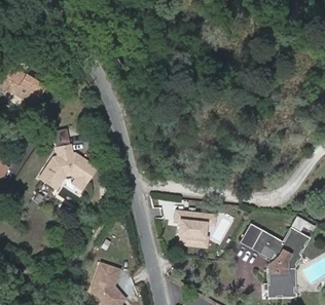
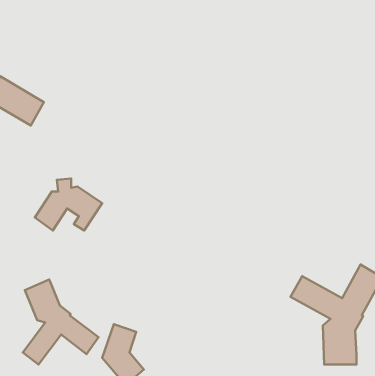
building: [173,211,215,247] -> none
building: none -> [23,280,98,365]

